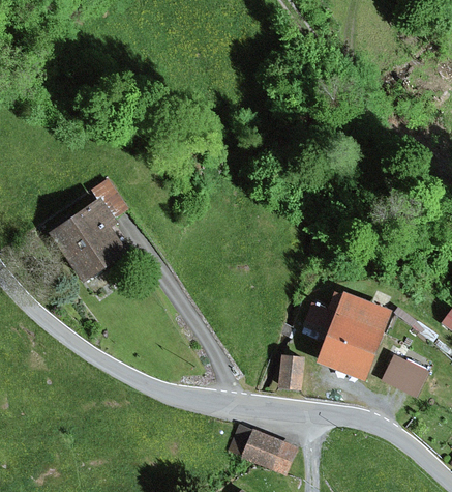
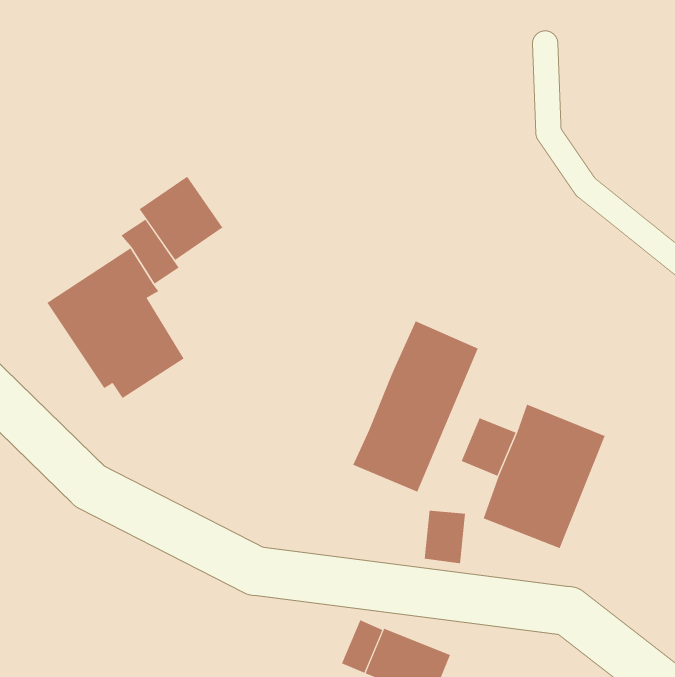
building: none -> [139,176,223,261]
building: none -> [352,320,478,492]
building: [383,353,429,396] -> none

